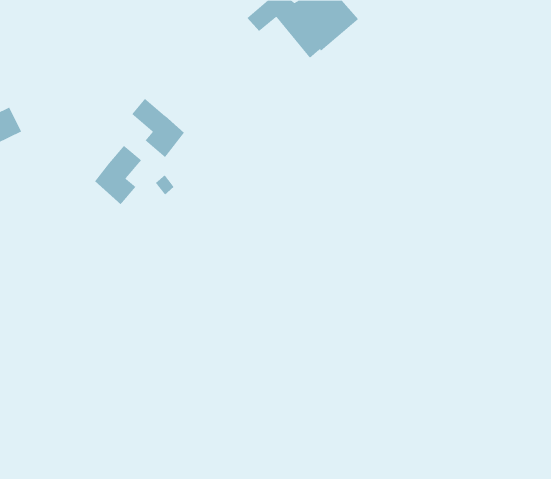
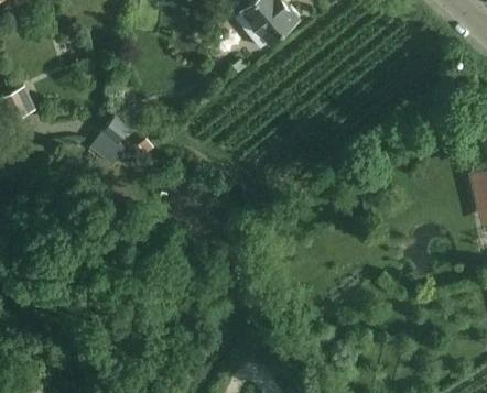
building: [131,98,185,158] -> none

